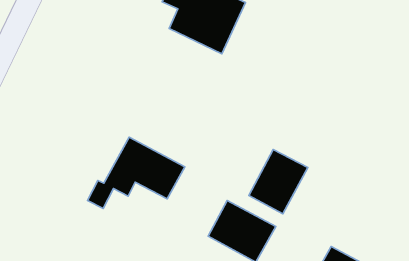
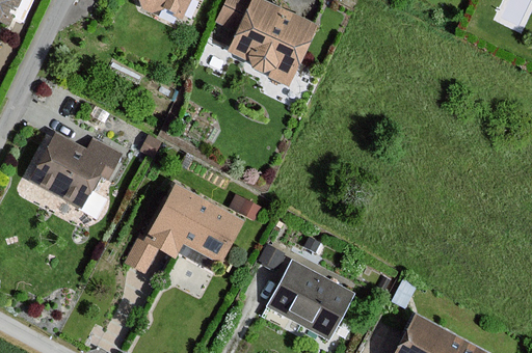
building: none -> [28,133,125,211]
building: [249,150,308,214] -> none

